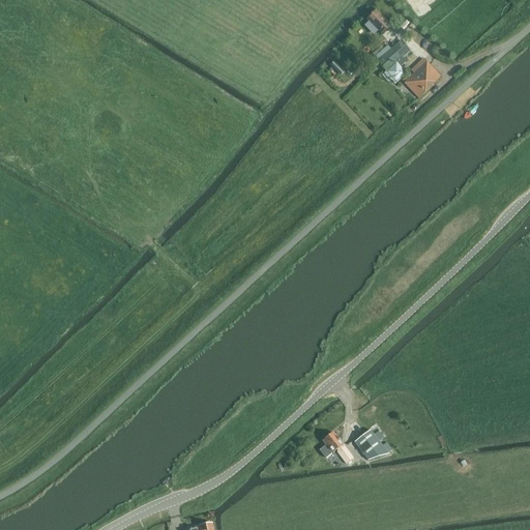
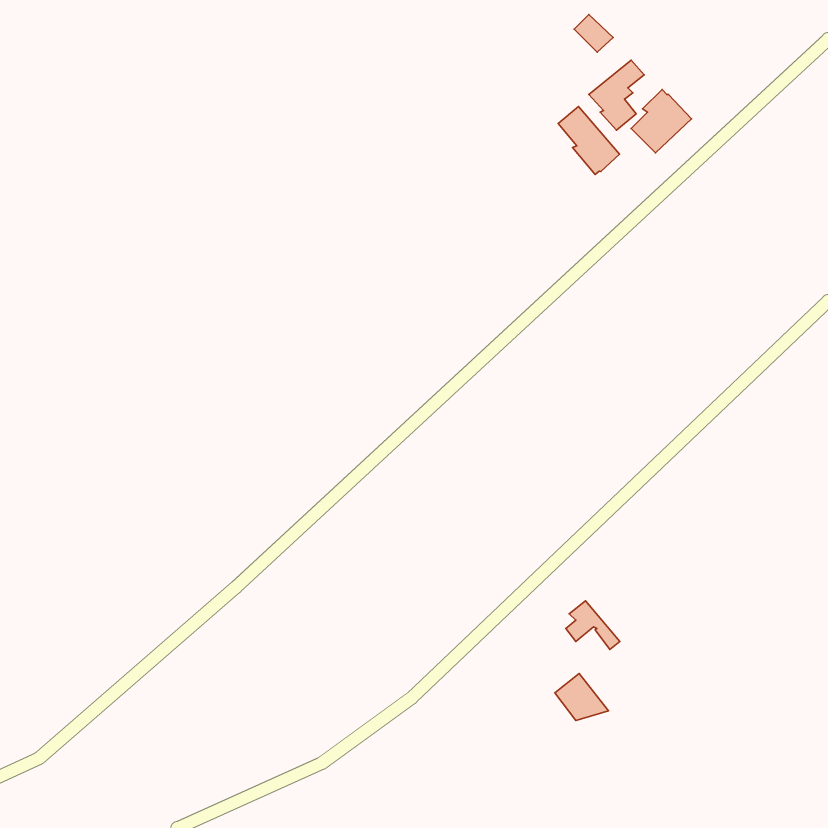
building: none -> [558,107,619,174]
building: [319,432,353,463] -> [566,601,620,650]

